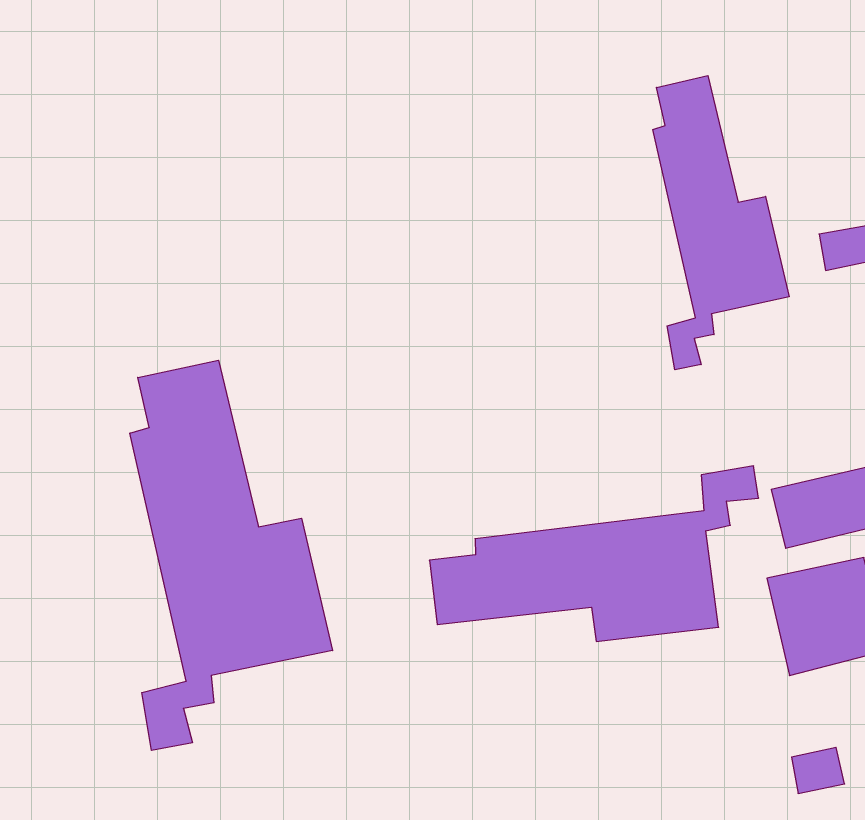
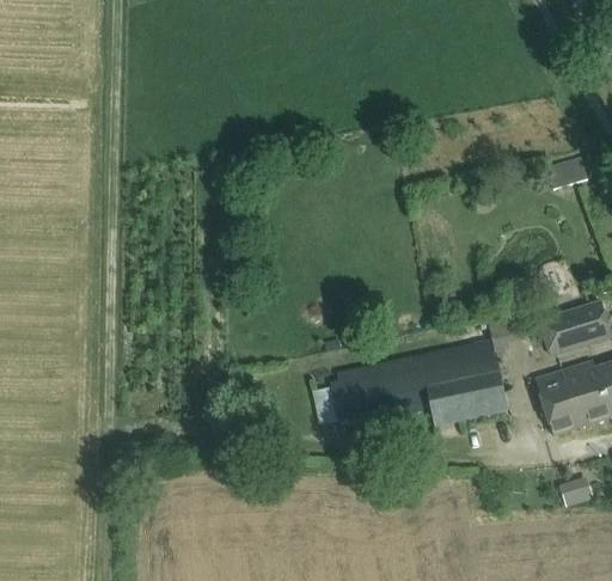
building: [653,76,789,370] -> none
building: [130,360,333,750] -> none

